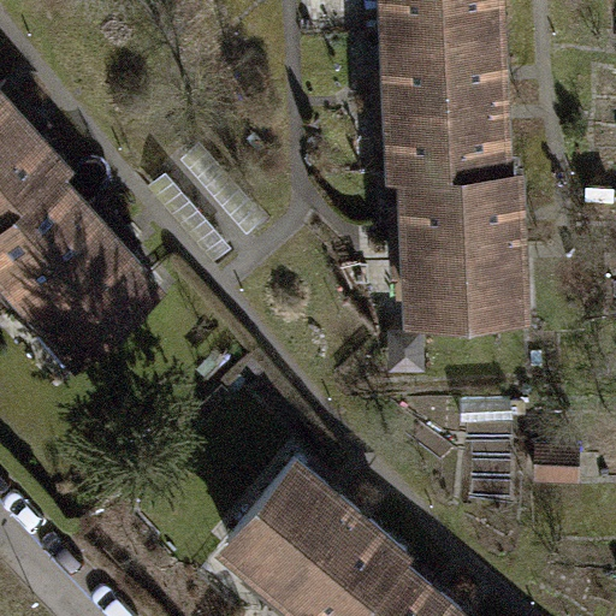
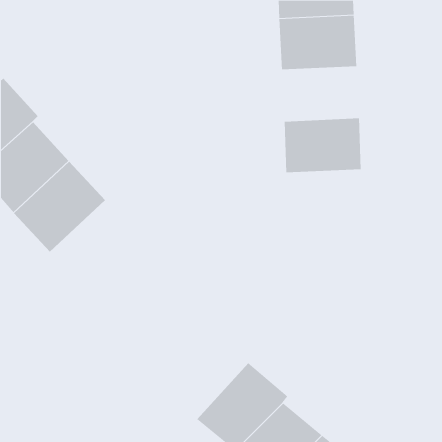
building: [393,97,502,173] -> none
building: [399,239,508,315] -> none
building: [224,458,348,584] -> none

